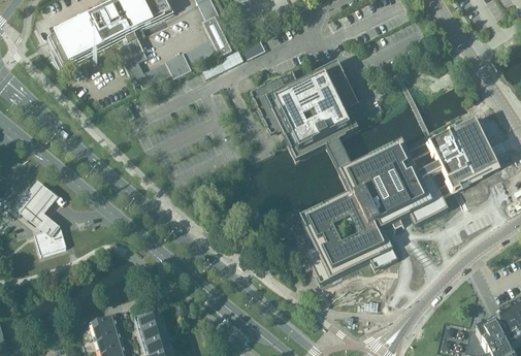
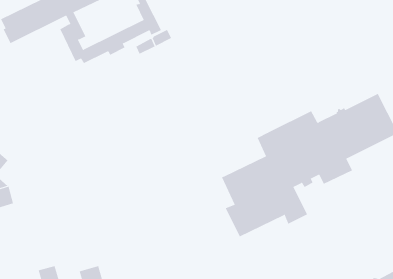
building: [250,58,359,169] -> none

